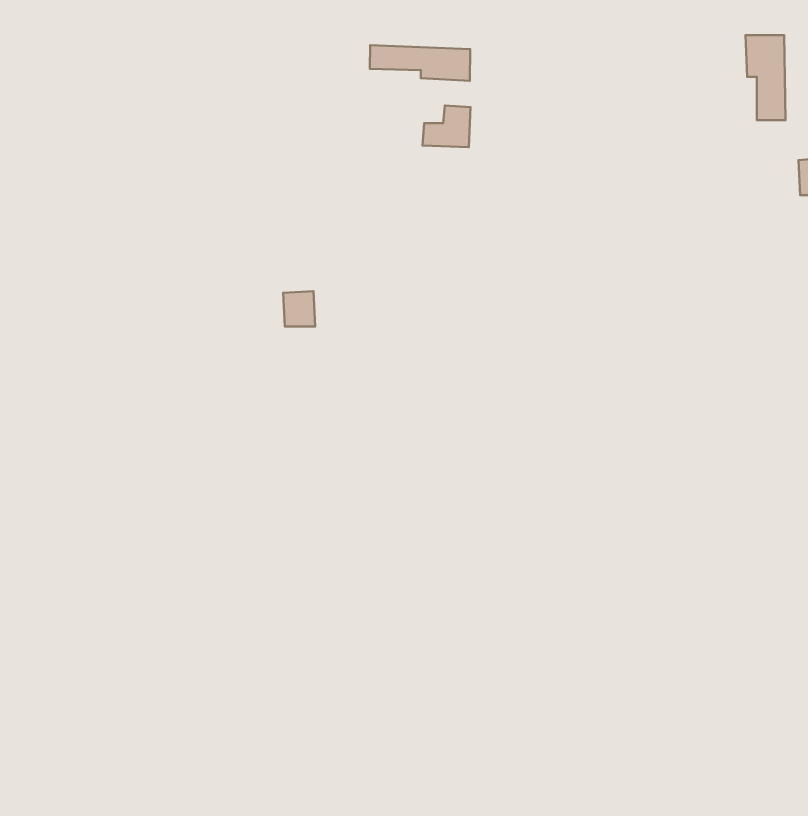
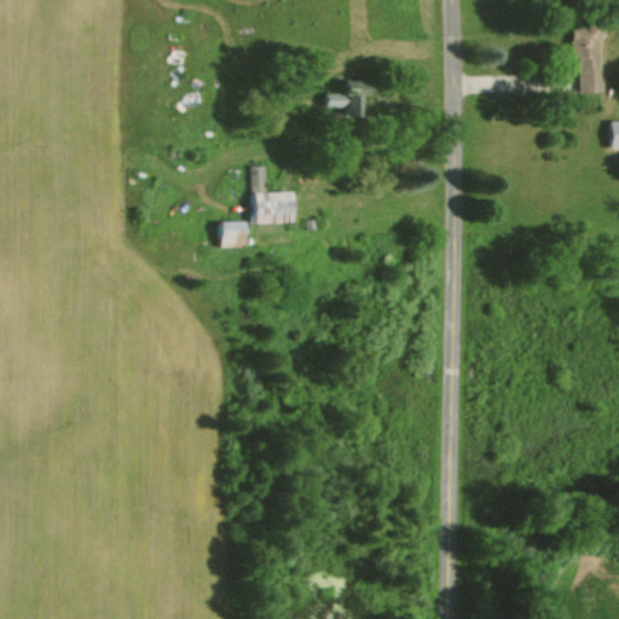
building: [370,45,470,81] -> none
building: none -> [255,167,296,222]

